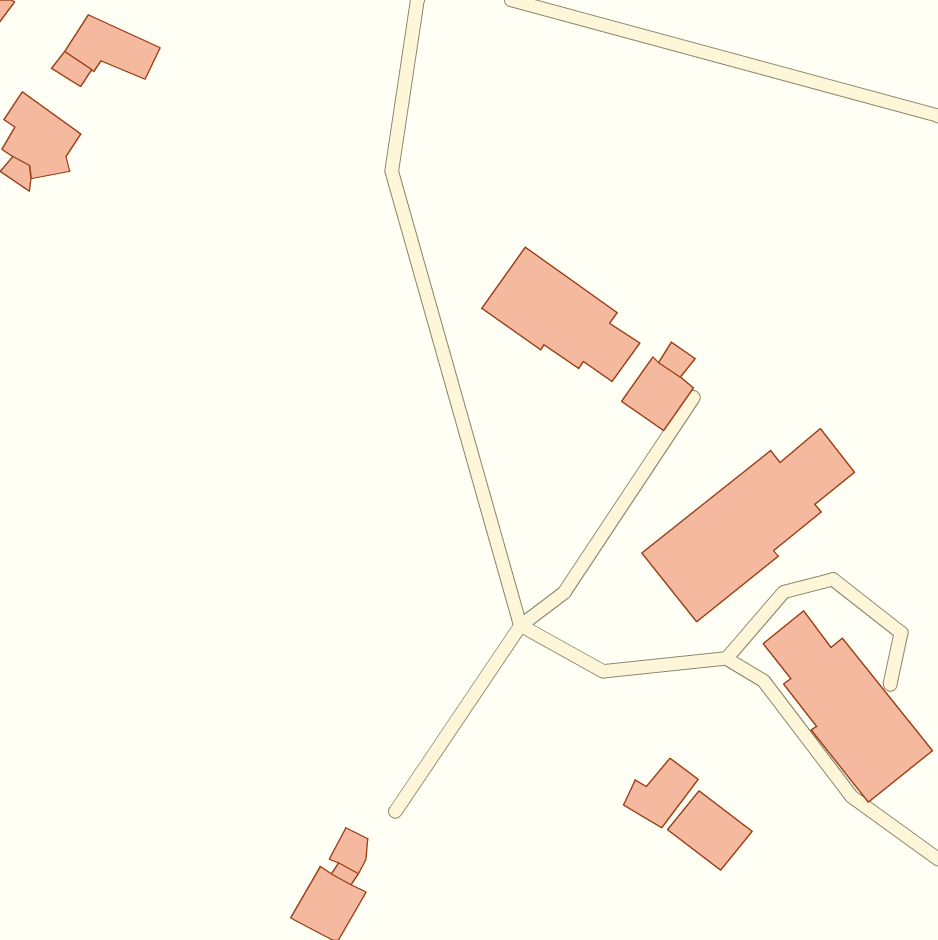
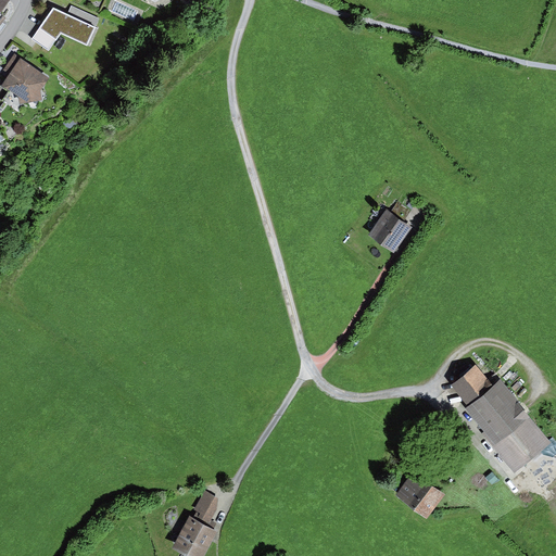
building: [482,247,640,382] -> none
building: [642,429,854,622] -> none
building: [624,758,698,828] -> none

